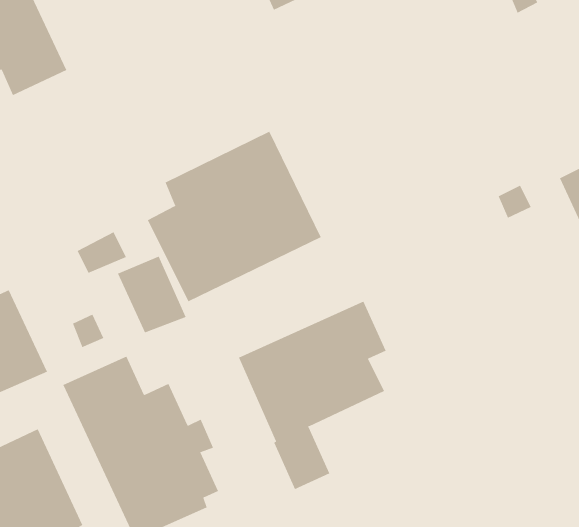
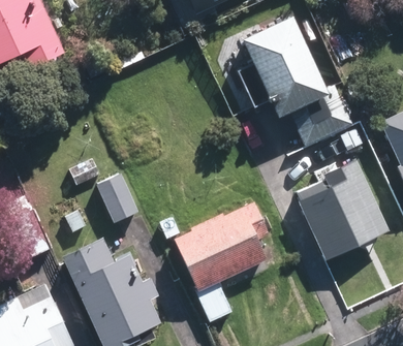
building: none -> [240,18,351,143]
building: [147,131,321,302] -> none
building: none -> [296,155,386,257]

